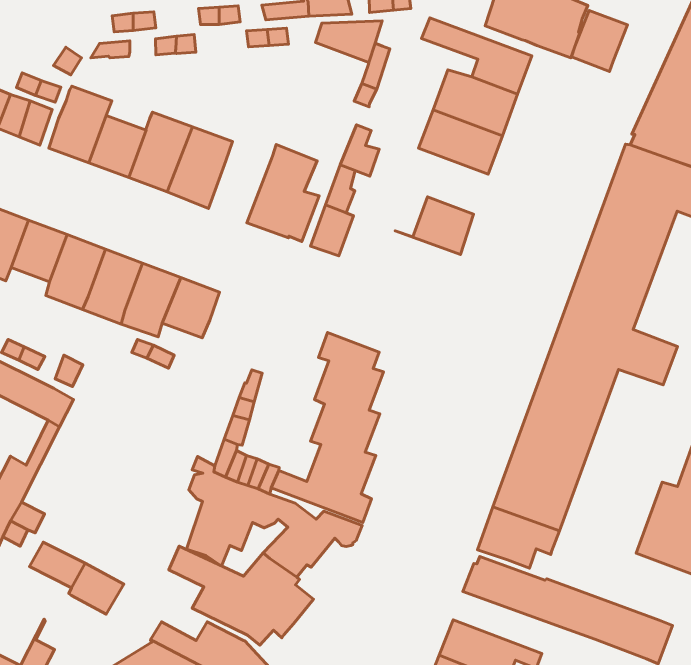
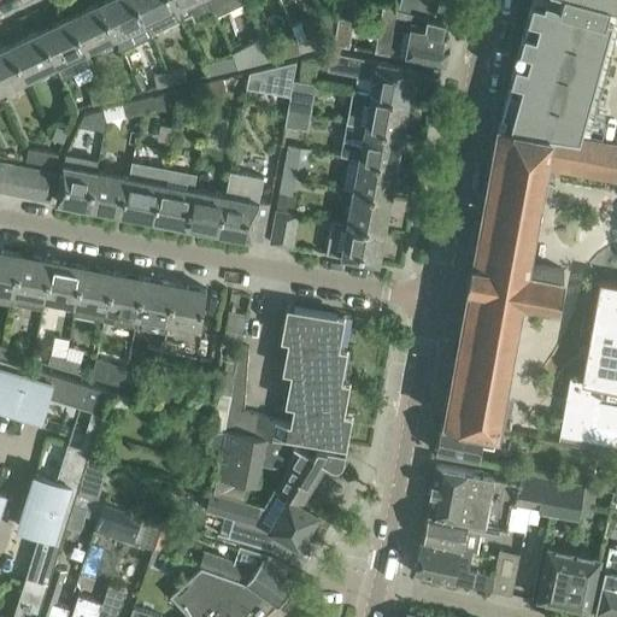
building: [571,10,627,71] -> none
building: none -> [340,157,396,200]
building: none -> [187,182,229,236]
building: none -> [327,223,386,266]
building: none -> [428,490,511,529]

